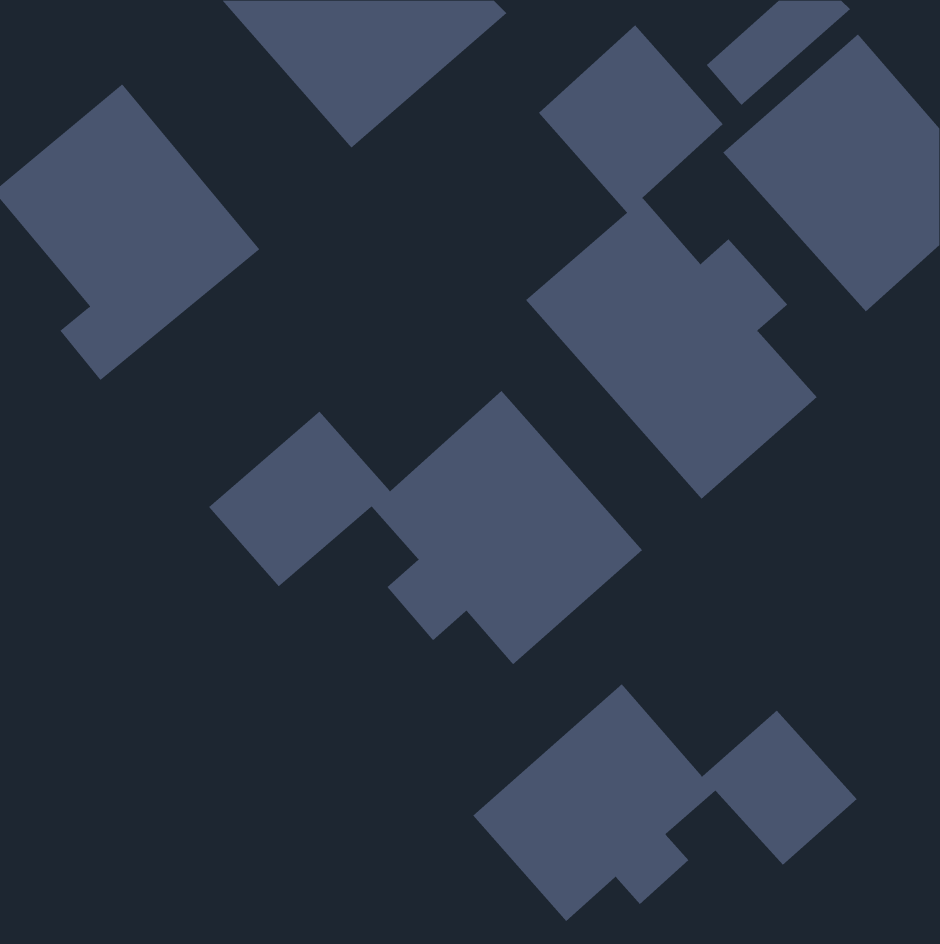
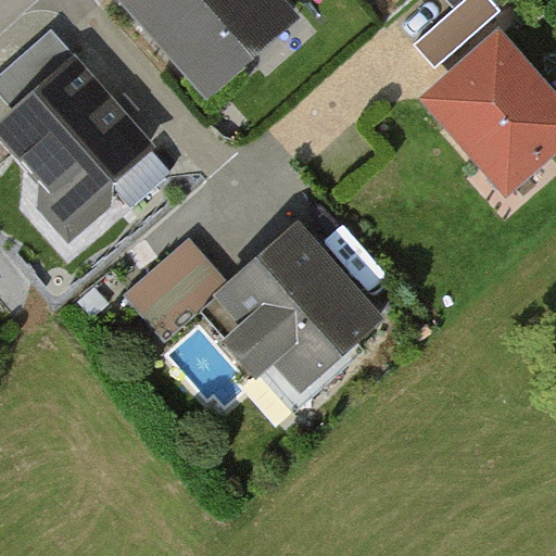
building: [525,24,818,499] -> none
building: [472,683,858,922] -> none

